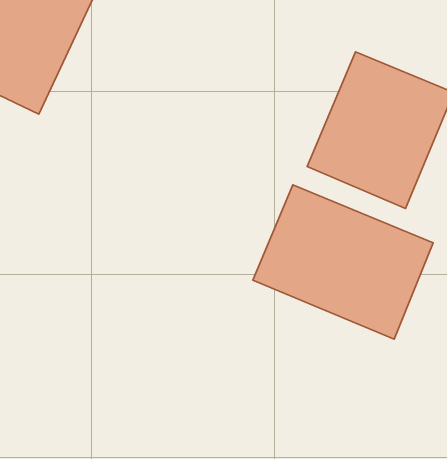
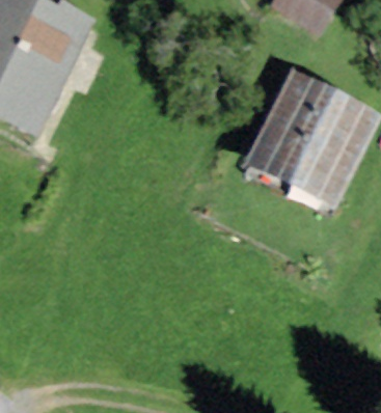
building: [253,185,433,339] -> none

